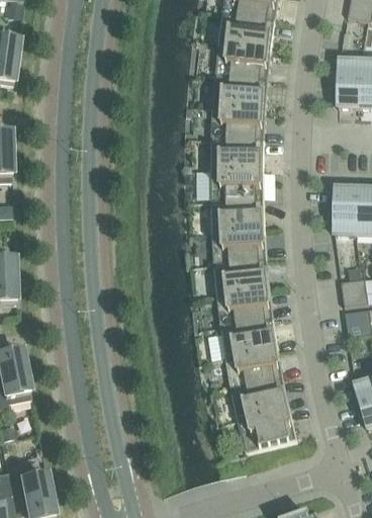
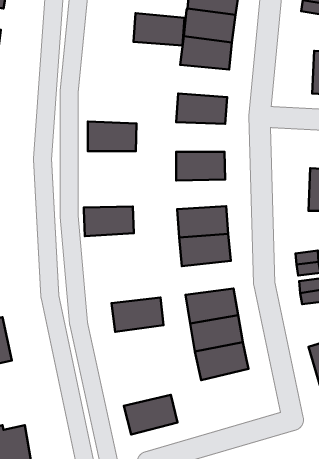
building: [338,58,361,104] -> none
building: [212,73,268,108] -> [134,13,184,46]
building: [210,136,264,168] -> [88,122,137,151]
building: [334,185,357,233] -> none
building: [210,198,265,231] -> [84,206,134,236]
building: [216,287,273,325] -> [112,297,163,332]
building: [238,406,296,449] -> [124,395,177,435]

